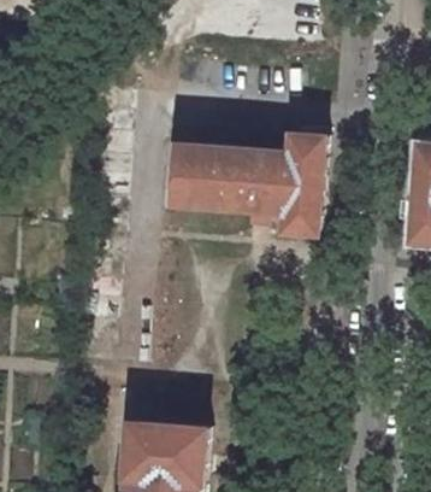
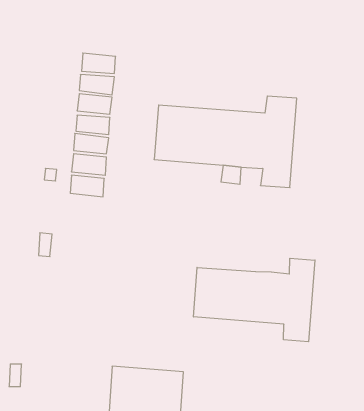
building: none -> [194,258,315,342]

